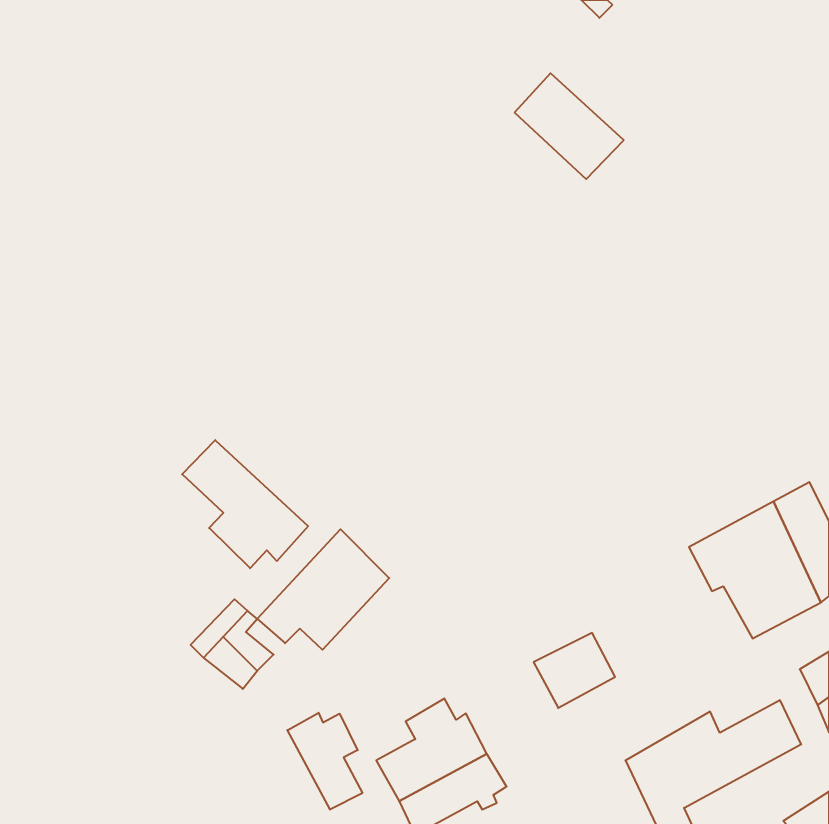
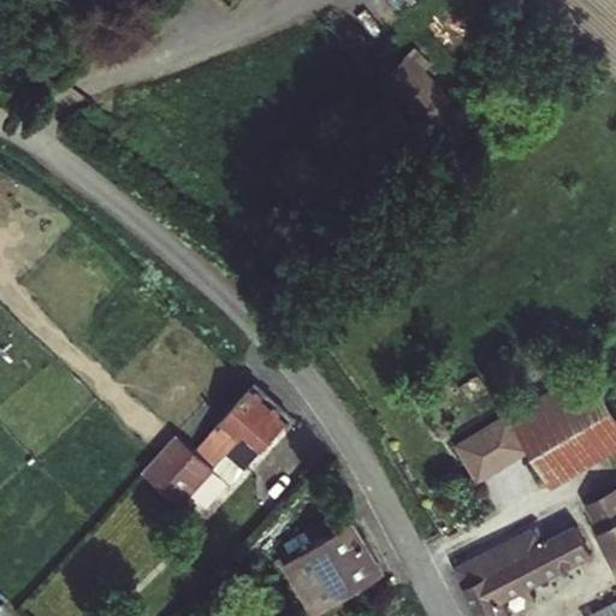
building: [182,440,308,568] -> none
building: [534,633,615,708] -> [466,410,526,466]
building: [287,713,362,810] -> none

